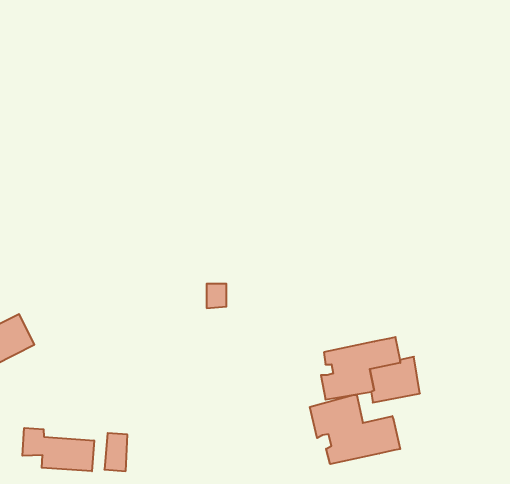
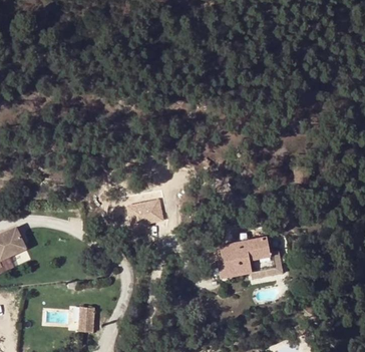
building: [310,395,400,464] -> none
building: [22,428,94,471] -> none

